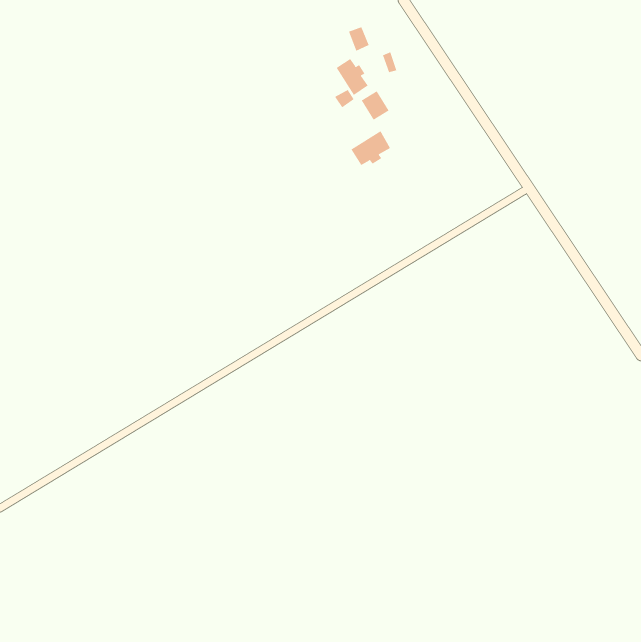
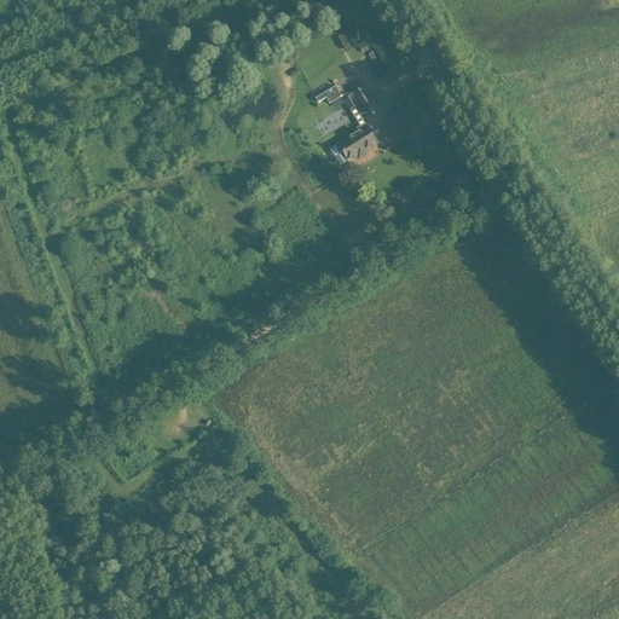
building: [336,58,369,96] -> none

